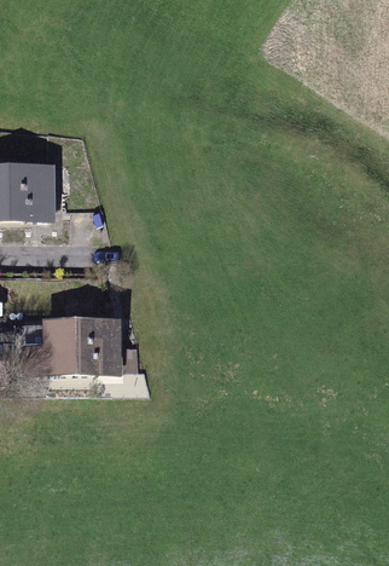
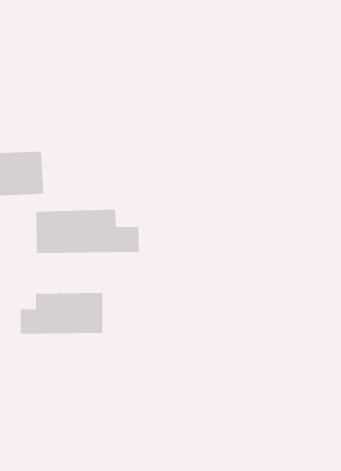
building: none -> [36,209,140,254]

